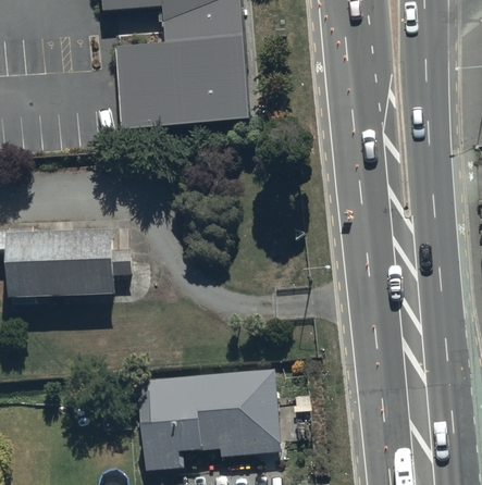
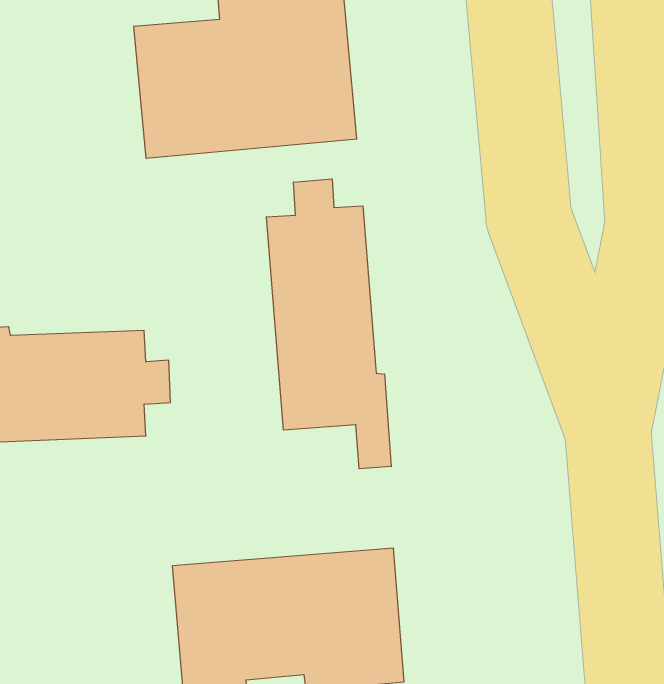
building: none -> [267,179,391,469]

